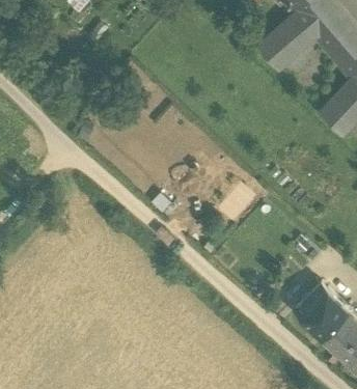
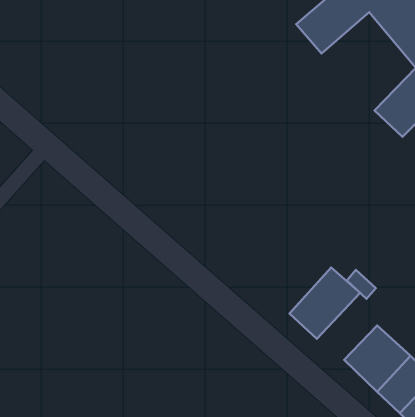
building: none -> [289,268,360,339]

